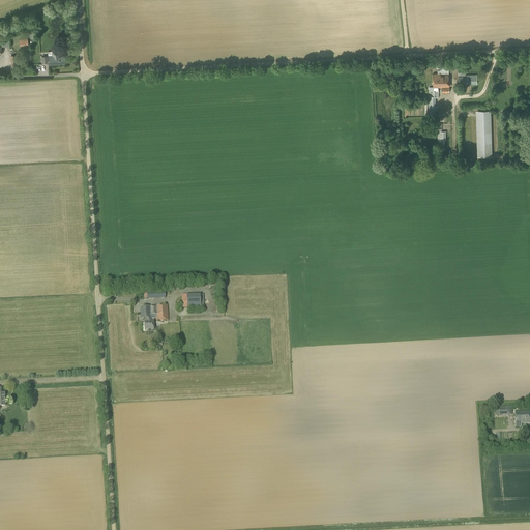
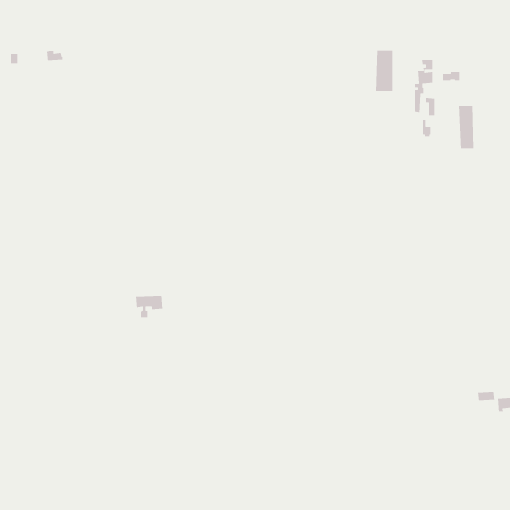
building: none -> [375,50,393,92]

